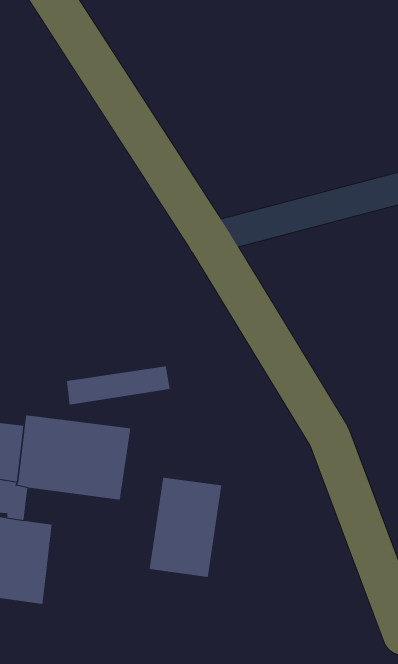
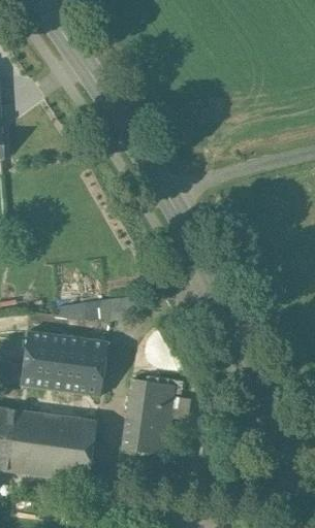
building: none -> [40,415,96,482]

